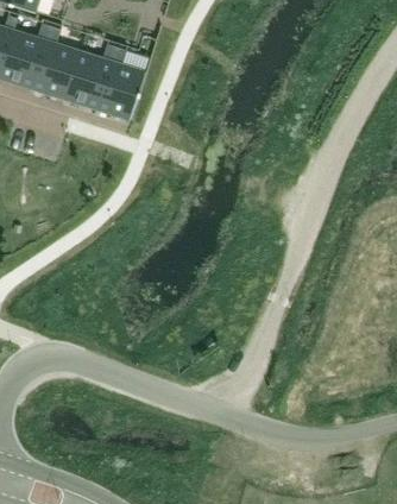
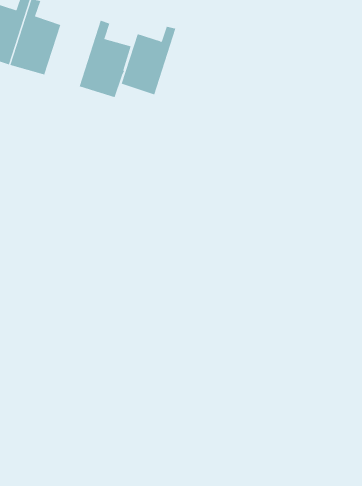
building: [64,44,116,109] -> [121,26,176,95]

